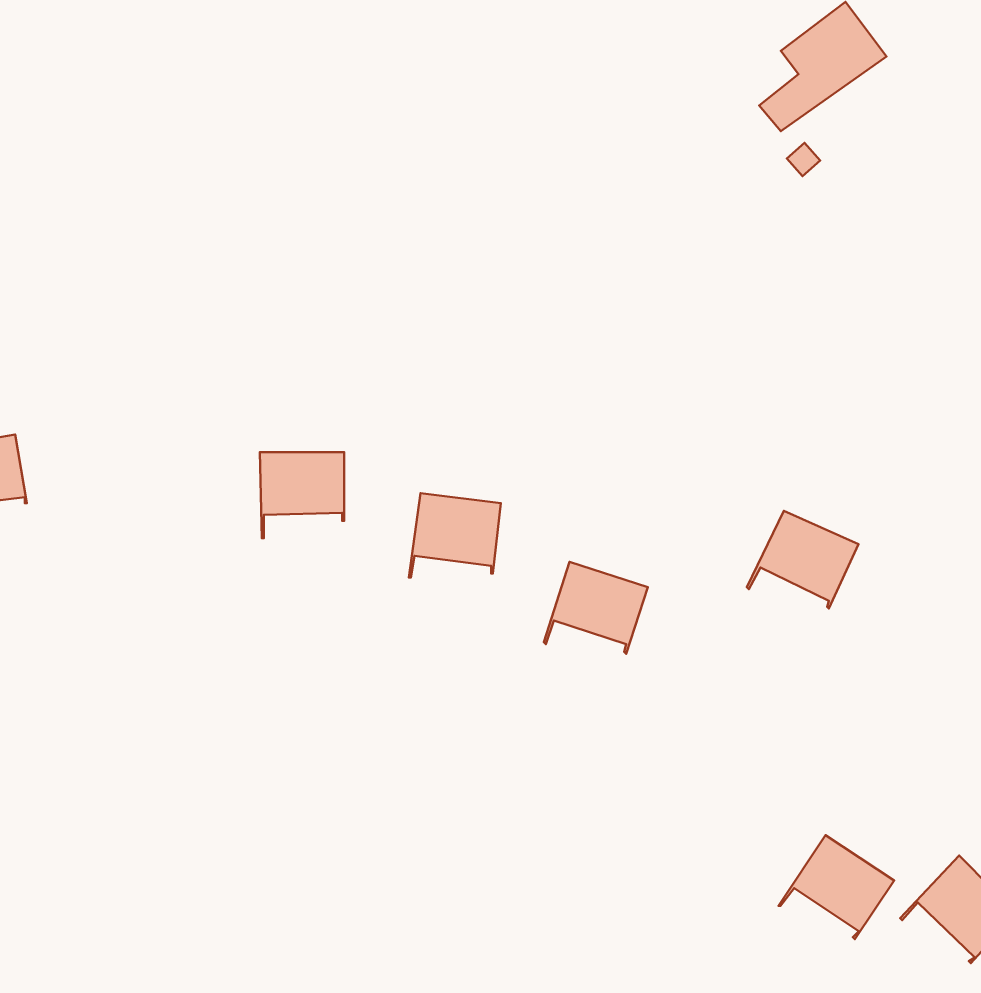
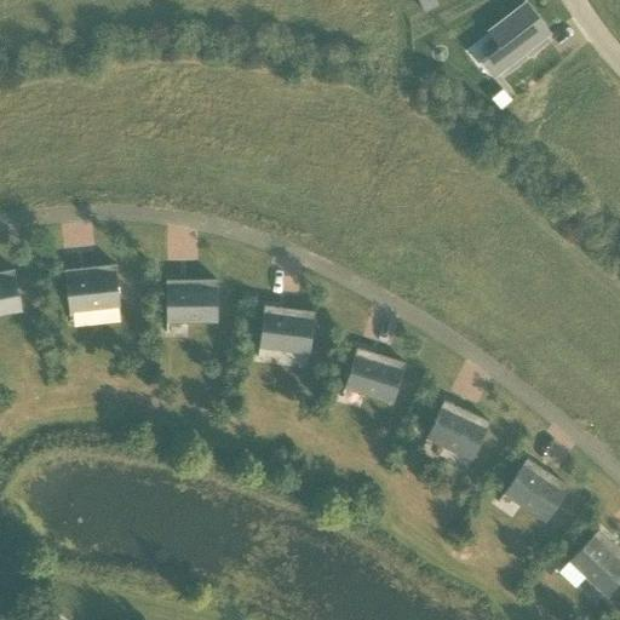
building: none -> [65,268,120,326]
building: [747,511,858,609] -> [421,404,490,465]
building: [778,835,894,939] -> [498,463,569,527]

